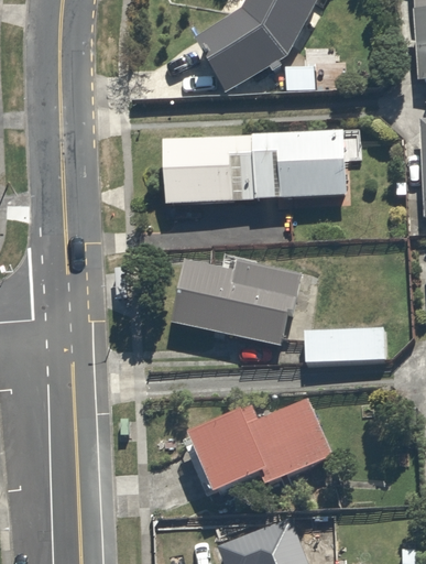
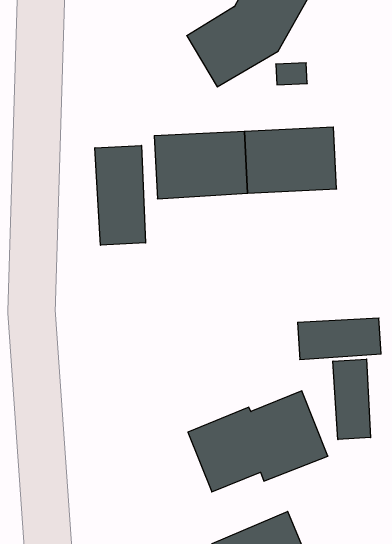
building: none -> [95,145,146,245]
building: [173,263,309,349] -> none
building: none -> [333,359,371,440]

